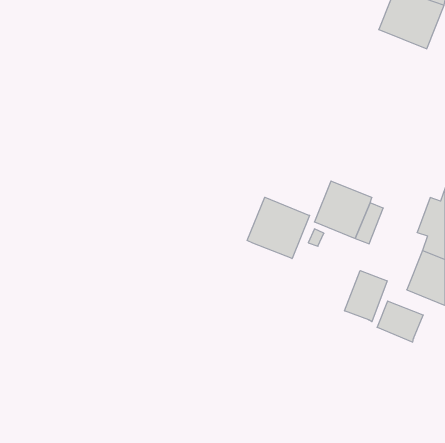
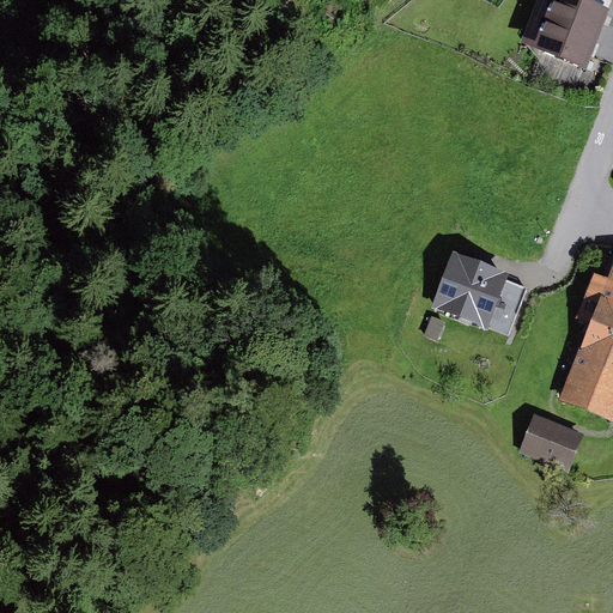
building: [247,197,310,259] -> none
building: [345,271,387,322] -> none

